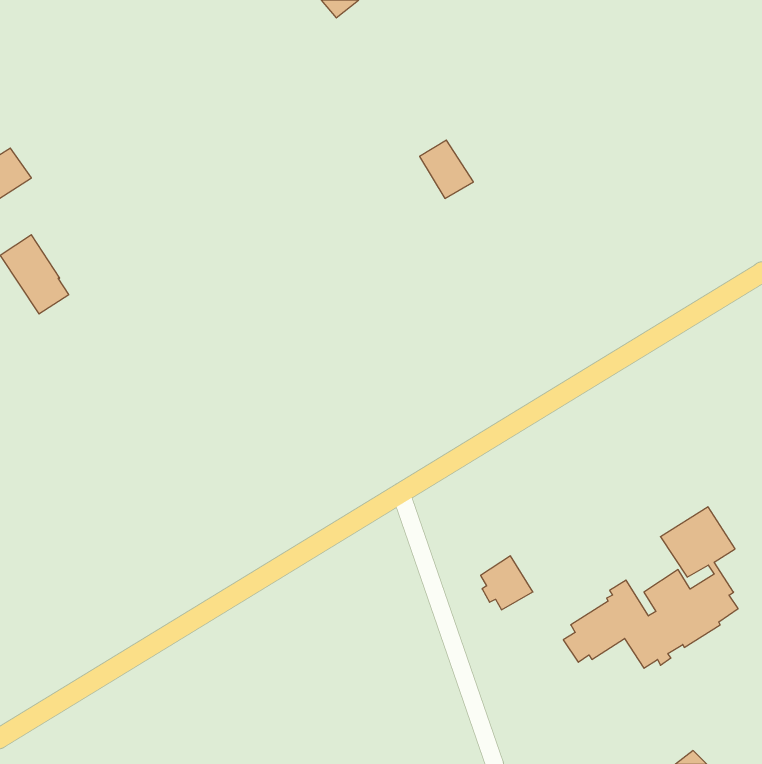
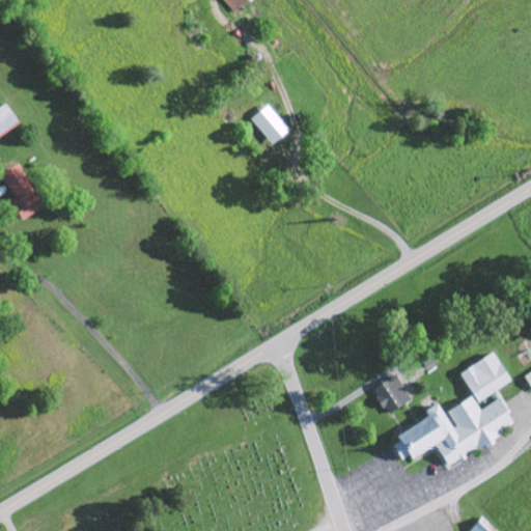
building: [420,140,473,198] -> [252,105,289,145]
building: [481,556,533,610] -> [374,374,411,412]

